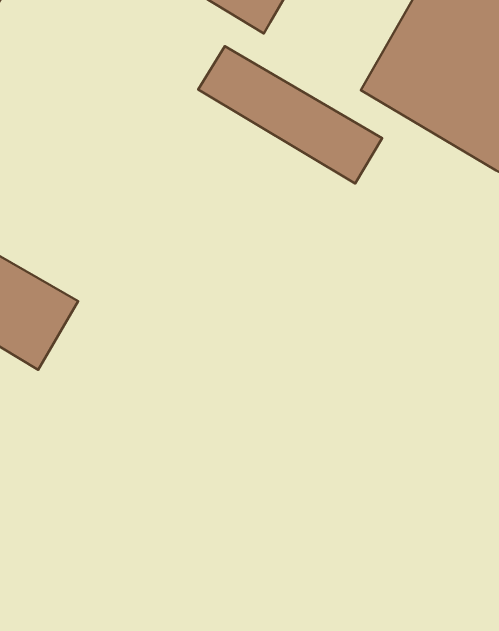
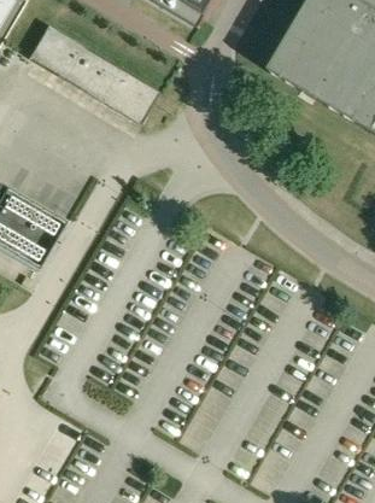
building: [198,46,382,183] -> [28,25,160,124]

